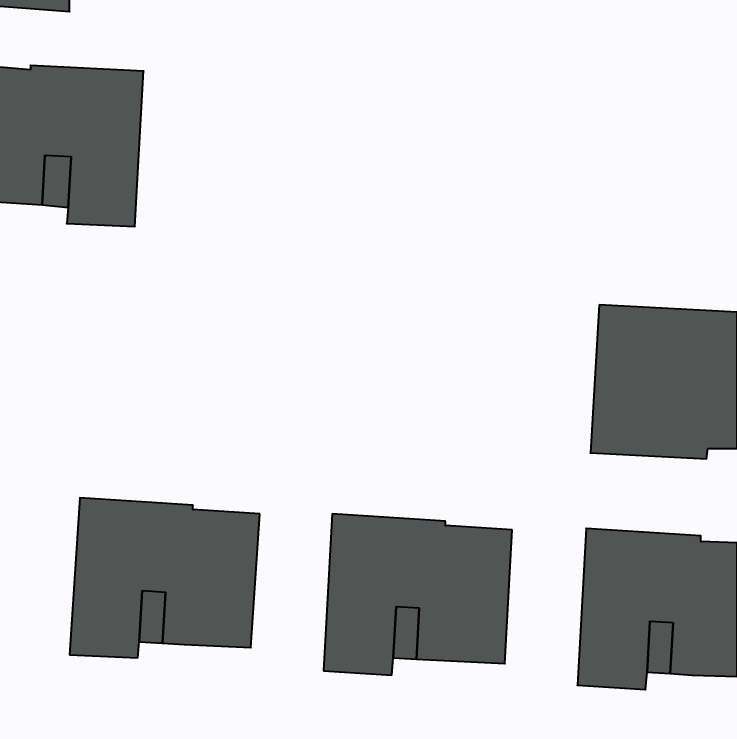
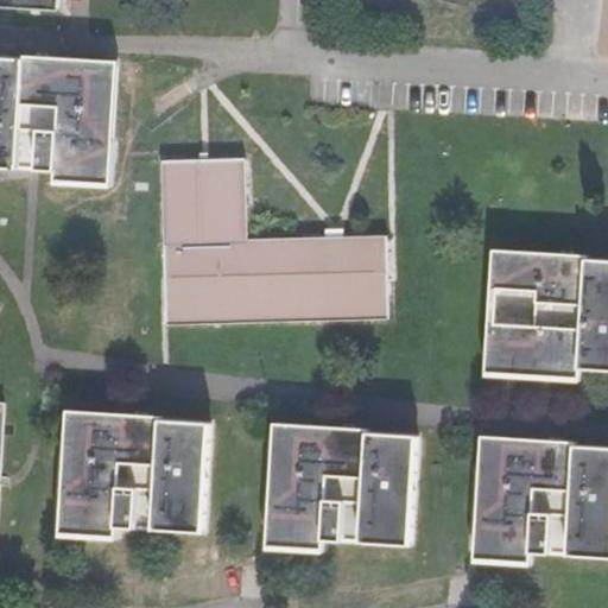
building: none -> [159,159,386,327]

